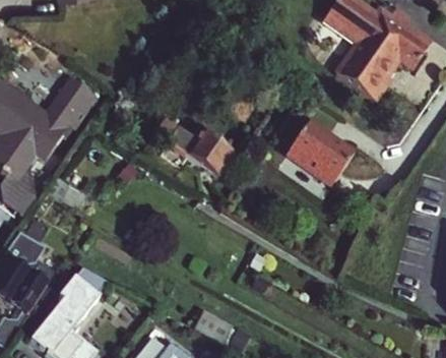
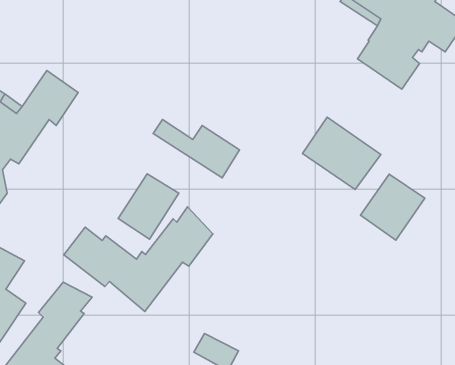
building: none -> [118,174,179,239]
building: none -> [360,174,425,240]
building: none -> [64,207,213,312]

